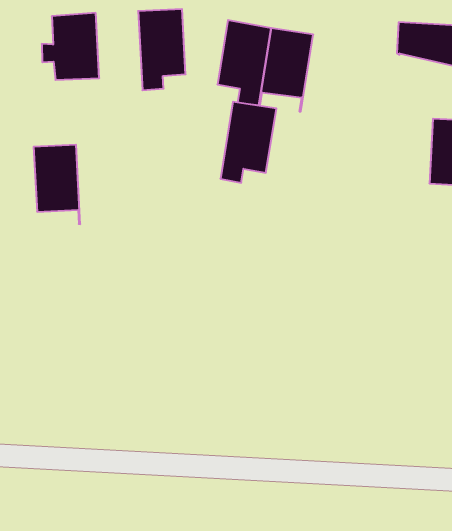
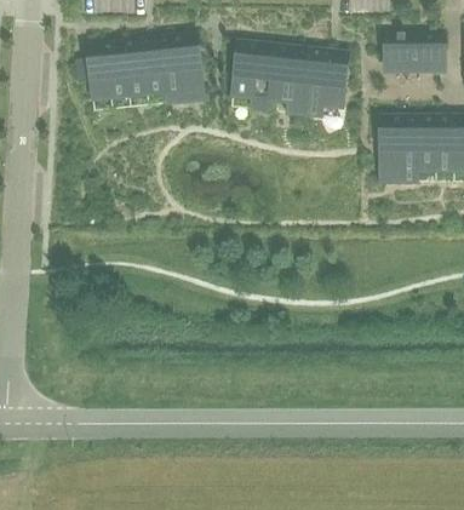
building: [220,102,276,183] -> [304,53,349,122]
building: none -> [379,120,418,188]
building: [34,145,80,224] -> [124,41,167,109]

